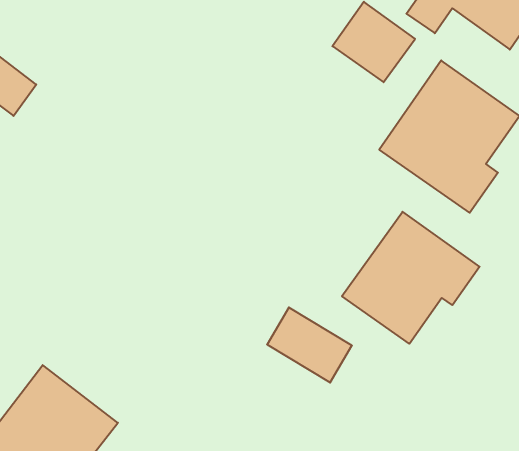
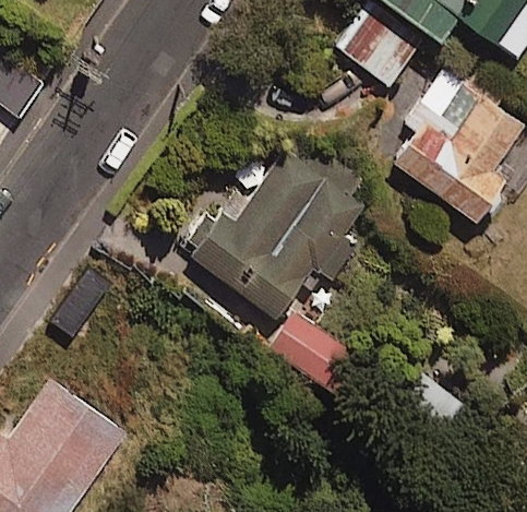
building: none -> [185,148,368,321]
building: [342,212,480,344] -> none

